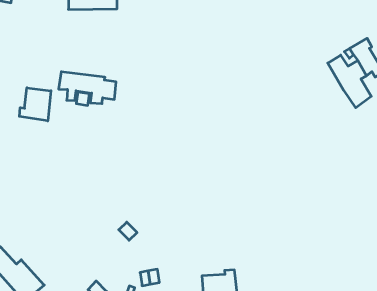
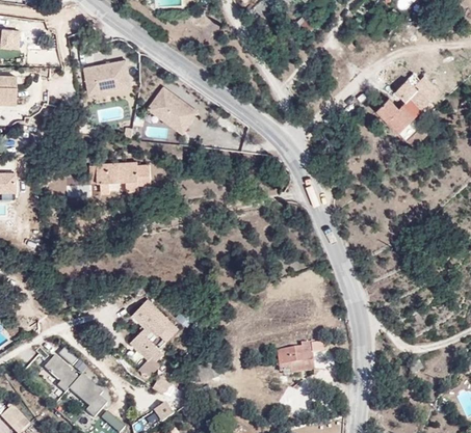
building: none -> [146,86,200,136]
building: [19,88,51,121] -> none
building: none -> [127,297,176,361]

